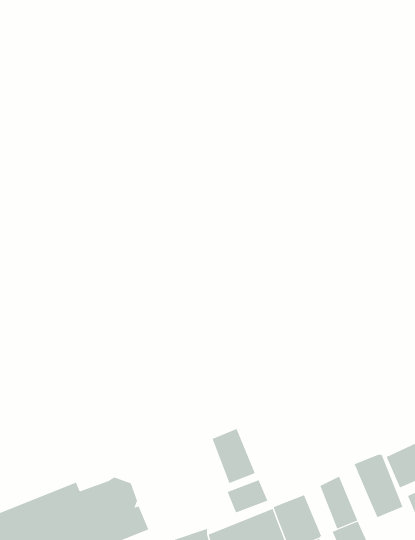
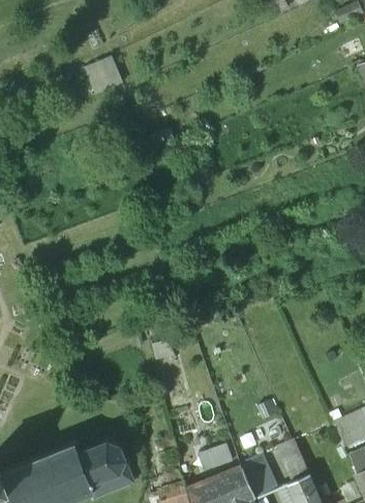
building: none -> [83,54,126,95]
building: [212,428,256,484] -> none
building: [354,454,403,518] -> none

